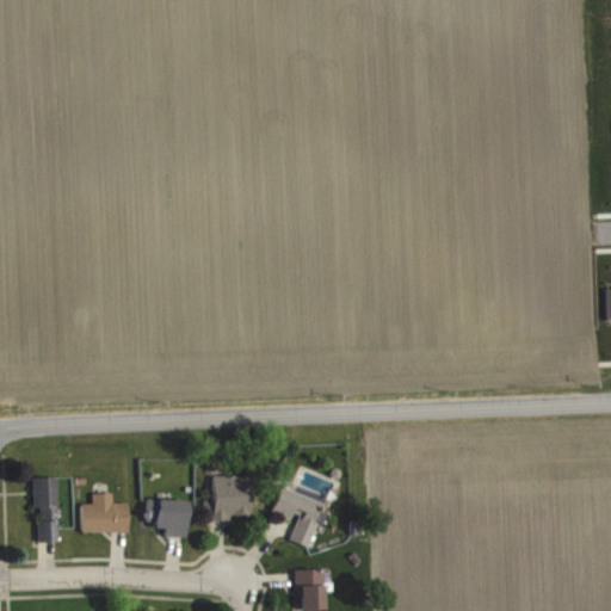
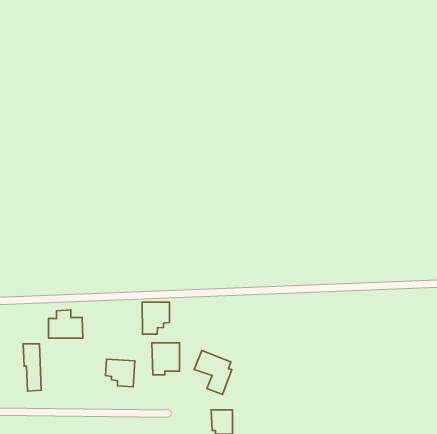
building: none -> [142,302,170,334]
building: [81,493,129,532] -> [49,310,83,338]

